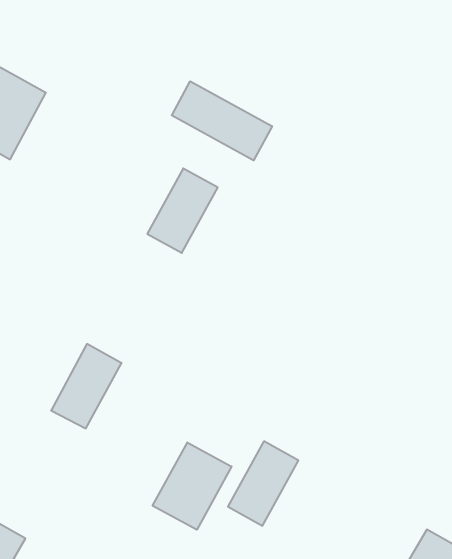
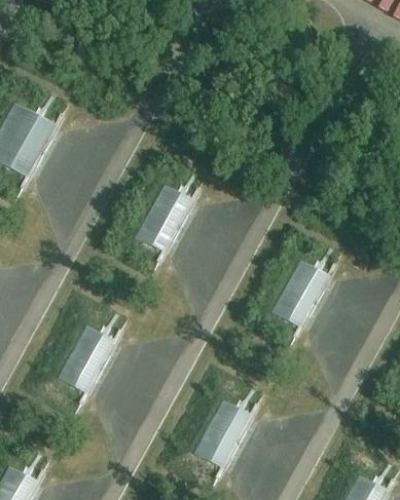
building: [172,81,272,160] -> none
building: none -> [276,262,332,330]
building: [153,442,232,530] -> none

